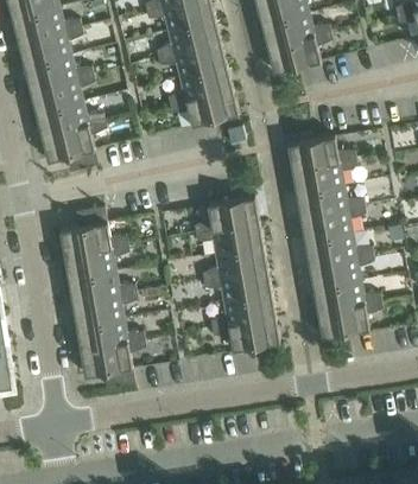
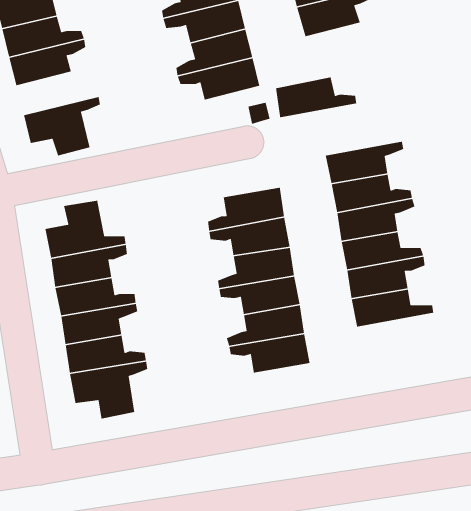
building: [36,102,104,138] -> none
building: [287,136,355,171] -> [275,76,357,118]
building: [317,301,382,338] -> none

